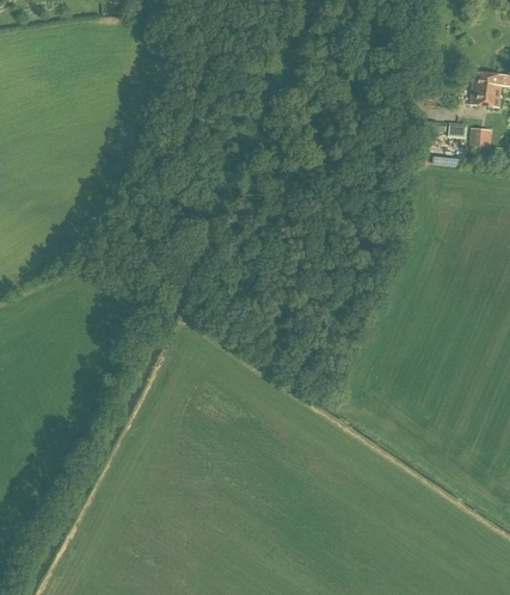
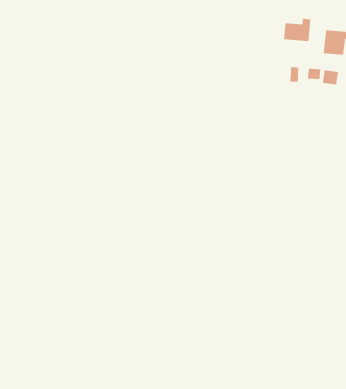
building: none -> [283,18,311,42]

